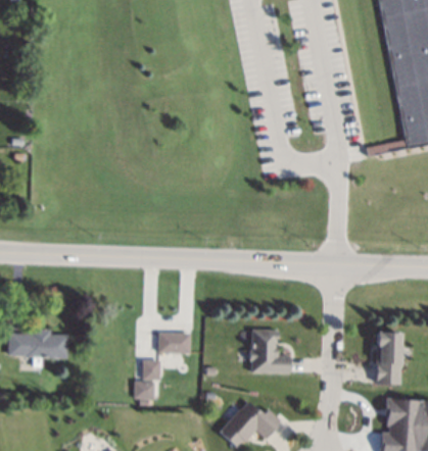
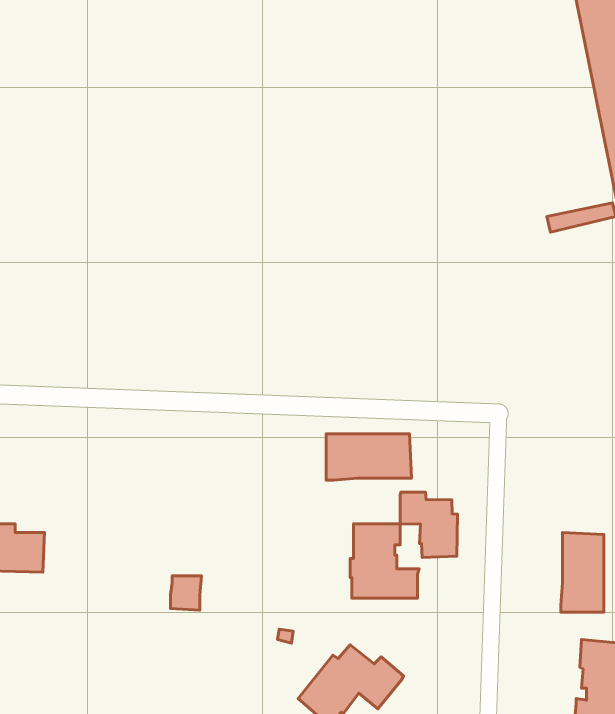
building: none -> [326,434,411,480]
building: none -> [400,492,457,557]
building: [159,332,192,354] -> none
building: [134,382,155,400] -> none

